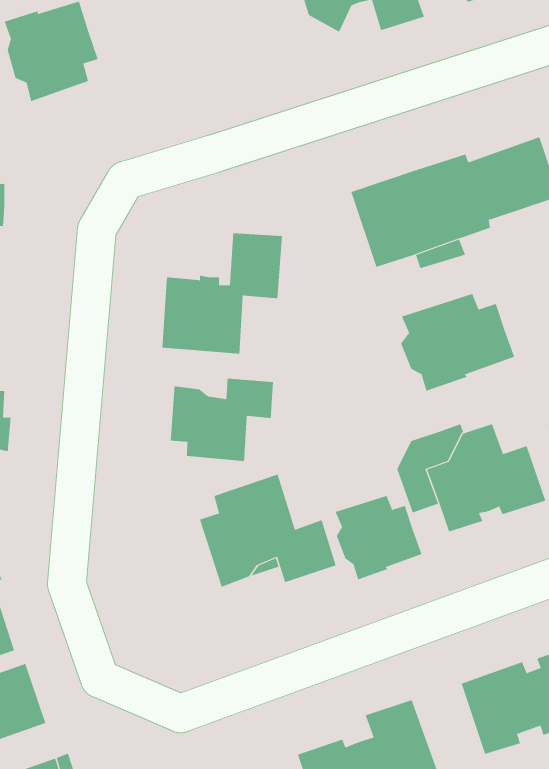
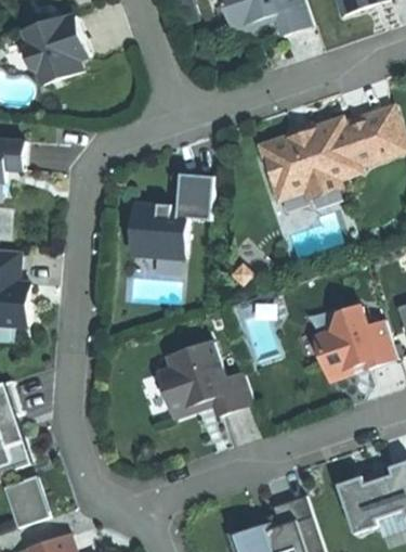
building: [401,293,515,392] -> none
building: [170,378,274,462] -> none
building: [335,495,422,580] -> none

